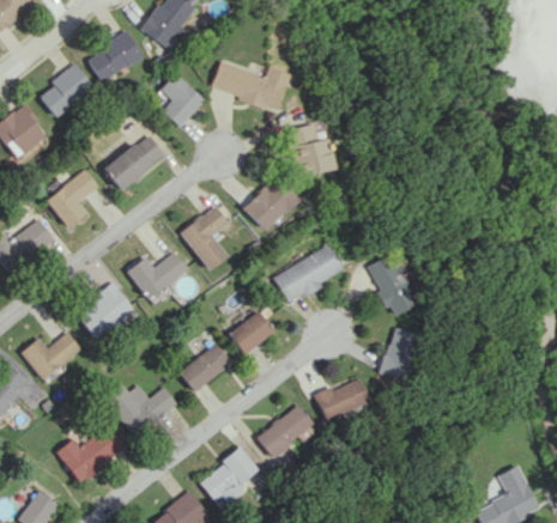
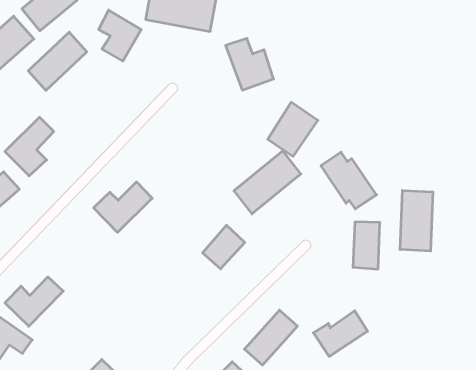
building: [104,134,167,189] -> [28,32,87,90]
building: [242,176,296,231] -> [268,102,318,156]
building: [180,206,229,270] -> none
building: [77,285,134,339] -> none
building: none -> [400,190,433,251]
building: [180,343,231,391] -> none
building: [313,378,368,420] -> [313,311,368,356]
building: [108,384,177,434] -> none

